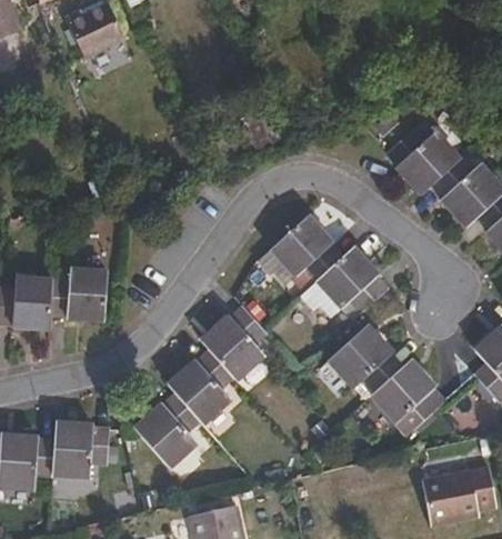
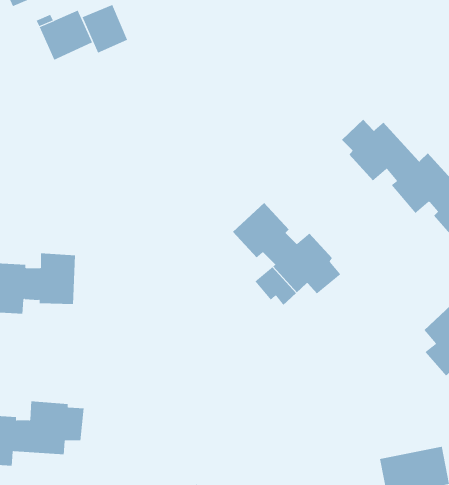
building: none -> [82,4,128,54]
building: [139,305,268,467] -> none
building: [327,323,441,431] -> none

